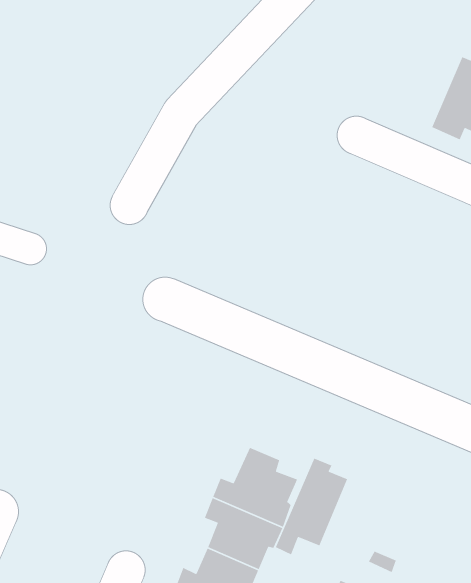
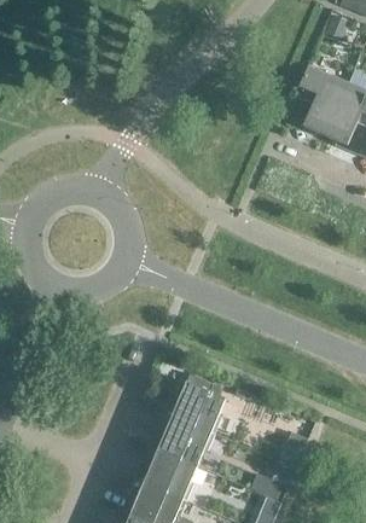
building: none -> [292,65,348,135]
building: [275,457,348,555] -> none

